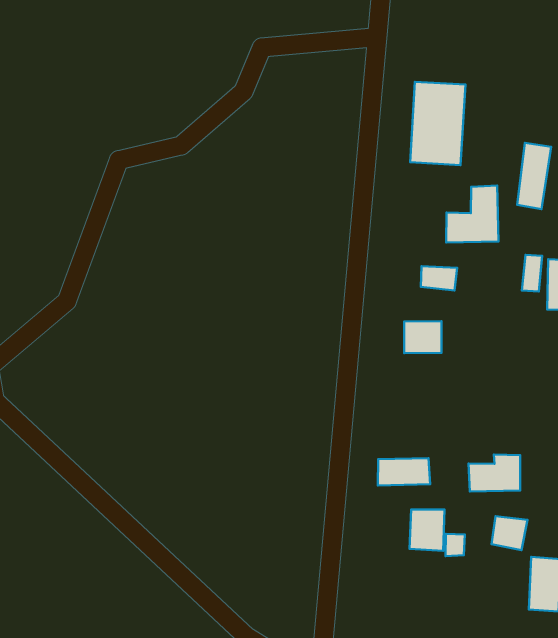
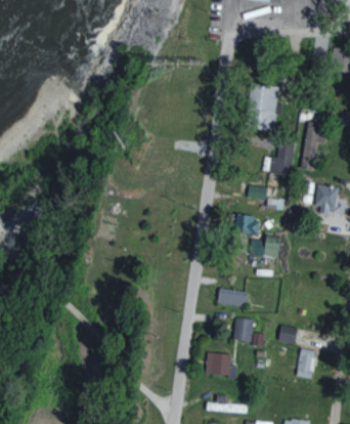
building: [468,455,520,491] -> [252,236,280,256]
building: none -> [206,351,233,376]

